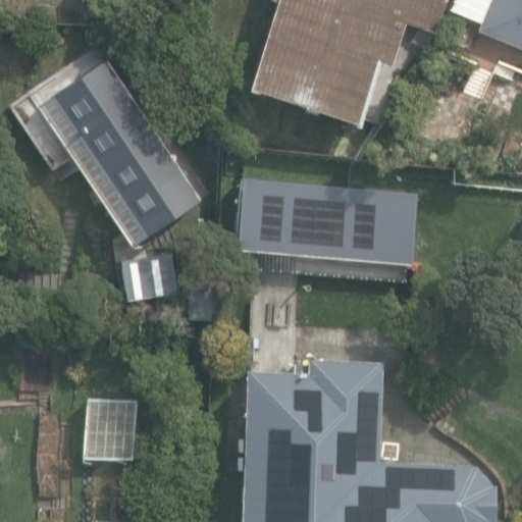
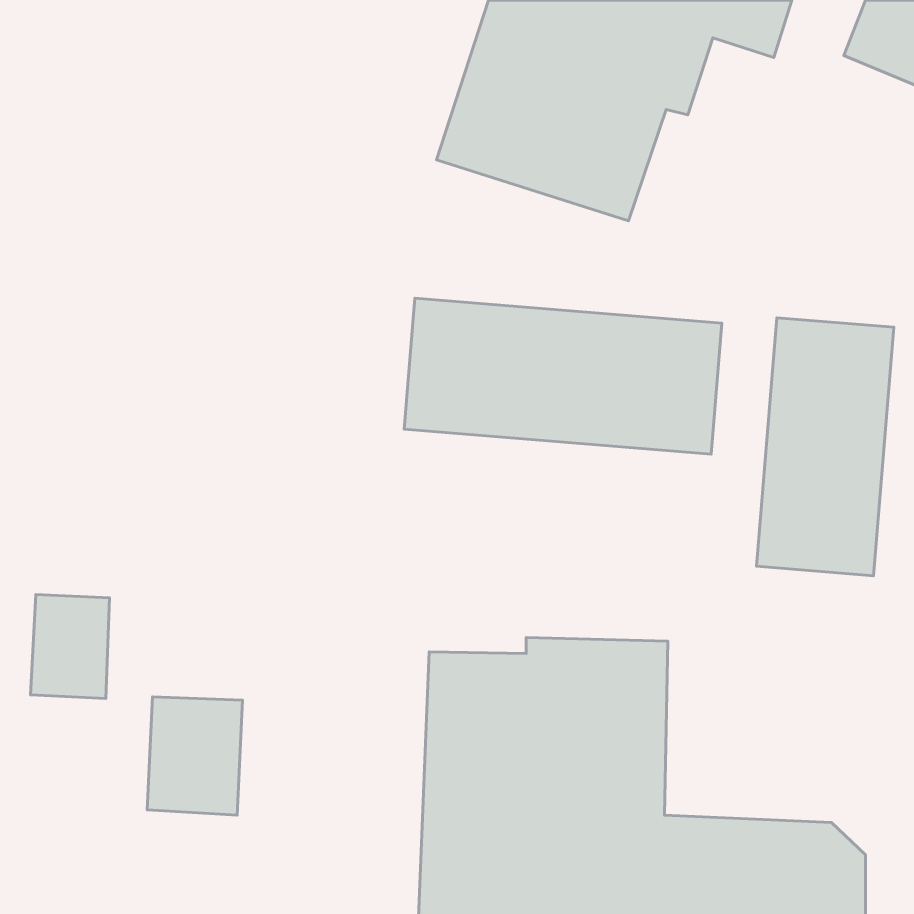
building: [38,63,199,220] -> none
building: none -> [756,318,894,576]

